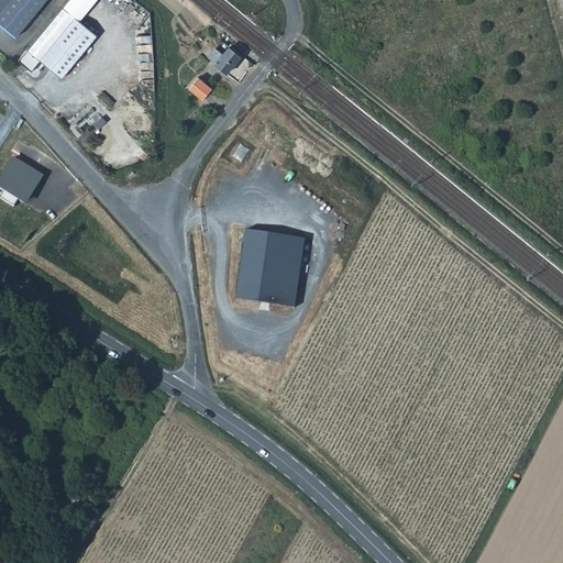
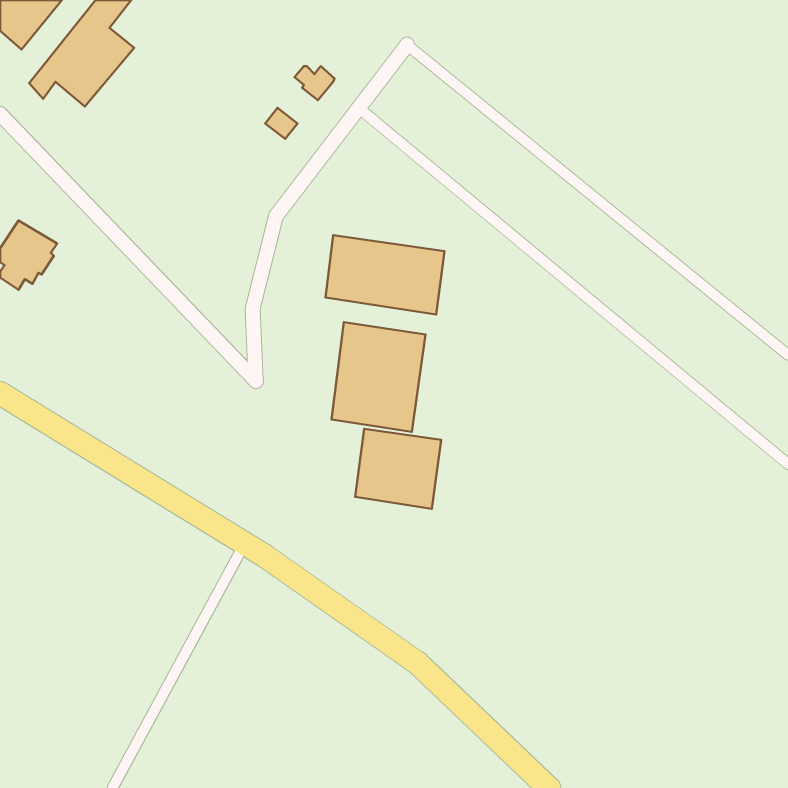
building: none -> [325,235,444,315]
building: none -> [355,429,441,509]

